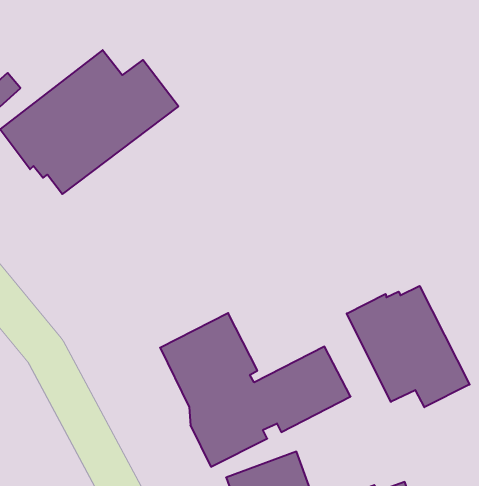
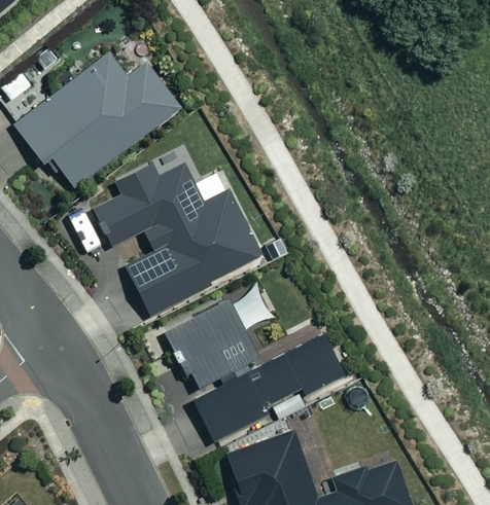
building: none -> [92,155,265,318]
building: [347,286,470,407] -> none

